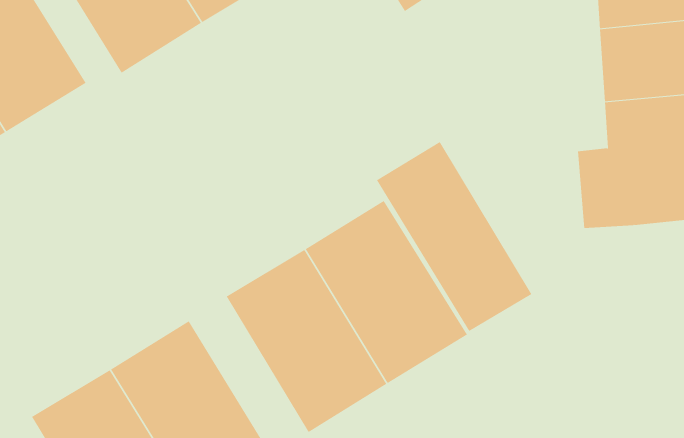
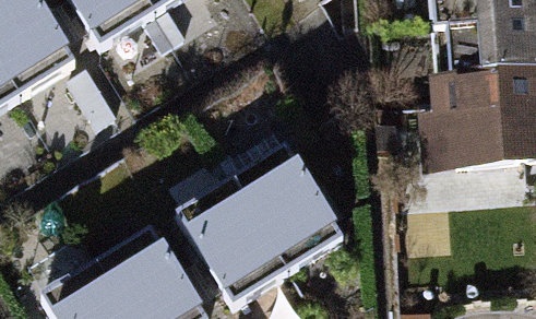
building: [376,141,532,332] -> none

